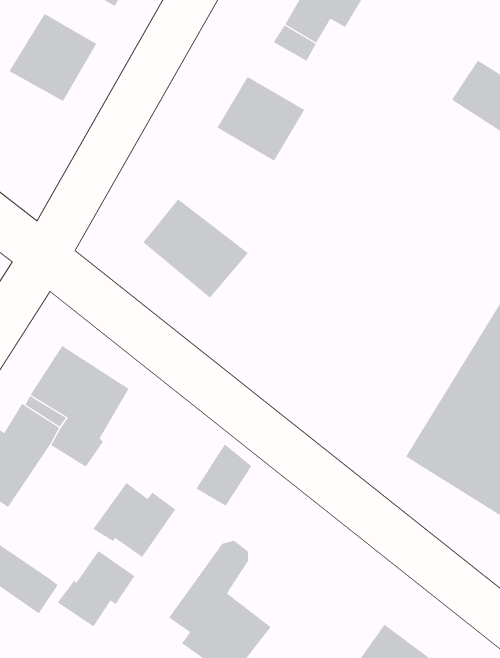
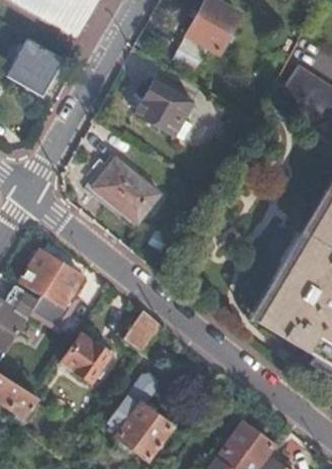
building: [57,550,135,627] -> none

